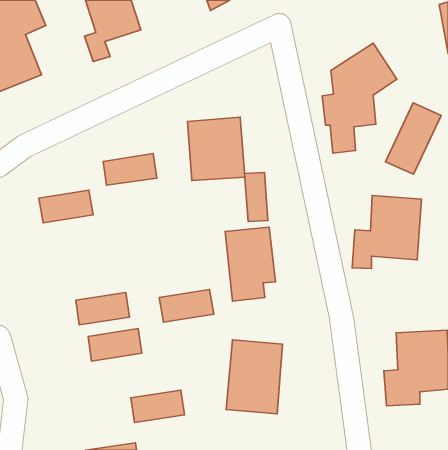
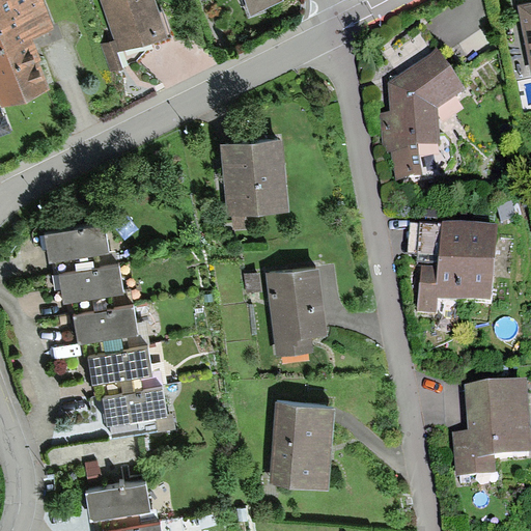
building: [386,103,441,174] -> none
building: [103,153,157,185] -> [59,262,122,300]
building: [245,173,268,222] -> none
building: [159,289,214,322] -> [75,303,139,341]
building: [131,390,185,423] -> [87,481,150,520]

